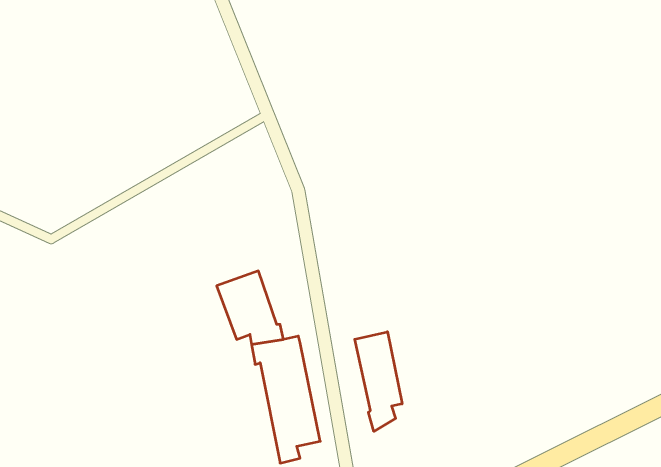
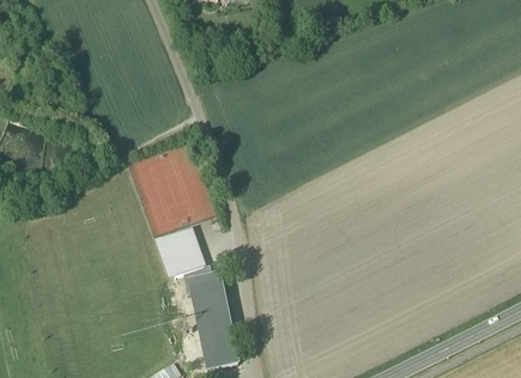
building: [355,332,402,431] -> none

